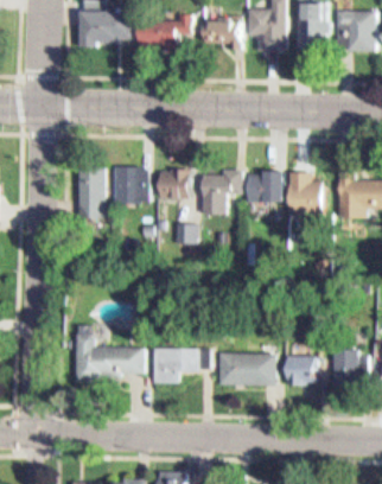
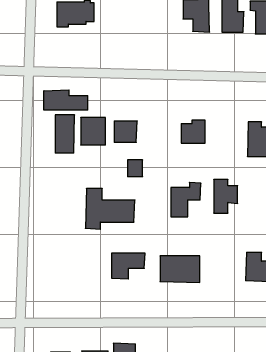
building: [139,14,192,57] -> none
building: [204,18,241,58] -> none
building: none -> [44,90,88,110]
building: [199,168,240,215] -> [171,182,201,217]
building: [288,172,320,217] -> [214,180,238,213]
building: [72,331,139,386] -> [85,189,135,229]
building: [285,355,316,383] -> none

